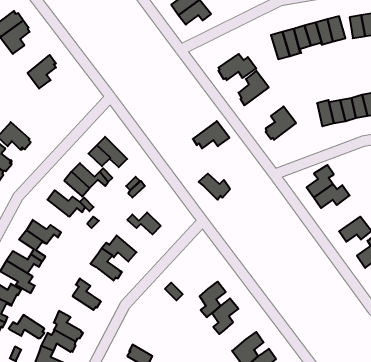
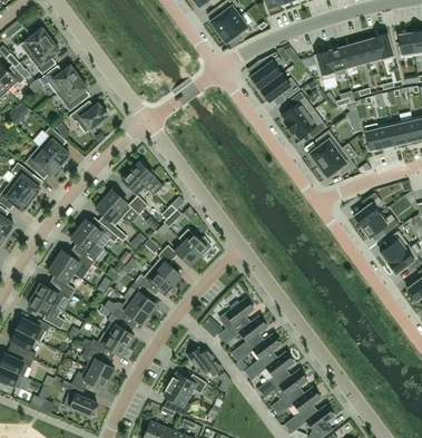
building: none -> [249,51,282,88]
building: none -> [39,65,80,94]
building: none -> [70,103,108,133]
building: none -> [39,126,69,164]
building: [193,121,229,148] -> [287,109,326,138]
building: none -> [318,147,355,176]
building: [199,174,230,200] -> [178,228,212,256]
building: none -> [71,228,104,263]
building: none -> [380,230,410,262]
building: none -> [151,250,180,284]
building: none -> [219,298,254,335]
building: none -> [104,299,148,324]
building: none -> [187,345,223,376]
building: [9,315,44,338] -> [89,331,127,356]
building: none -> [261,351,294,389]
building: none -> [168,372,206,395]

